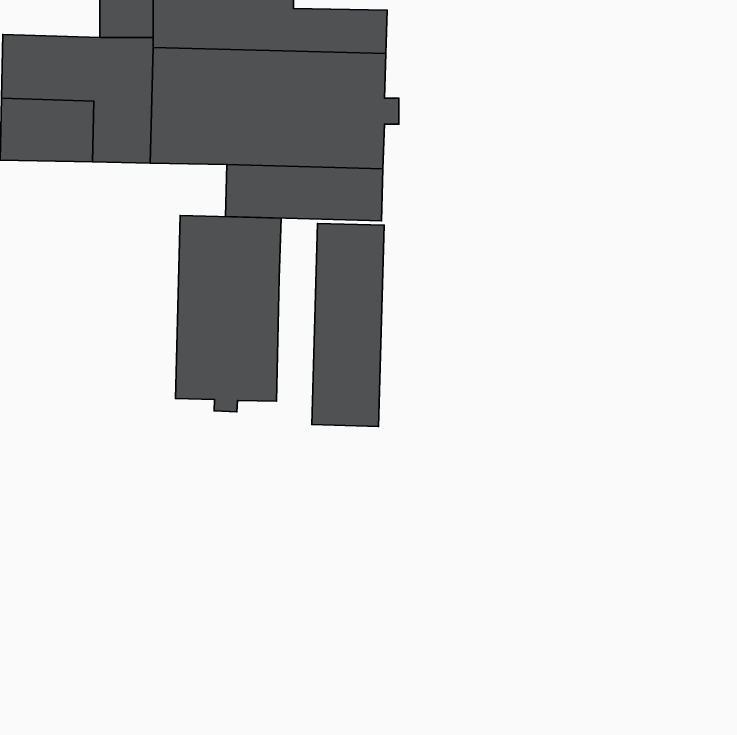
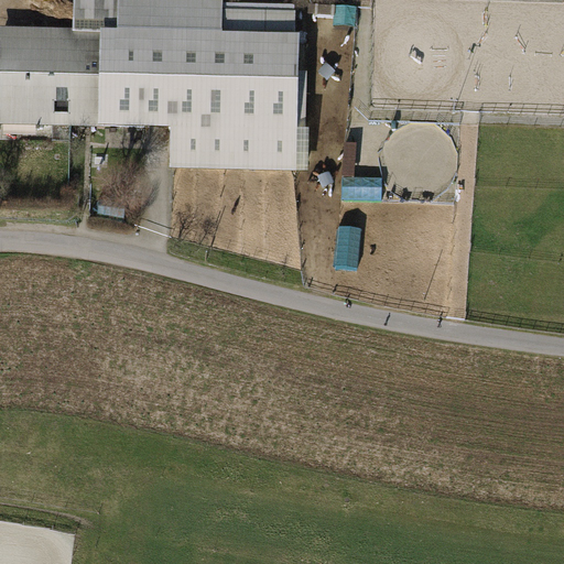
building: [175,216,281,412] -> none
building: [312,223,384,426] -> none

